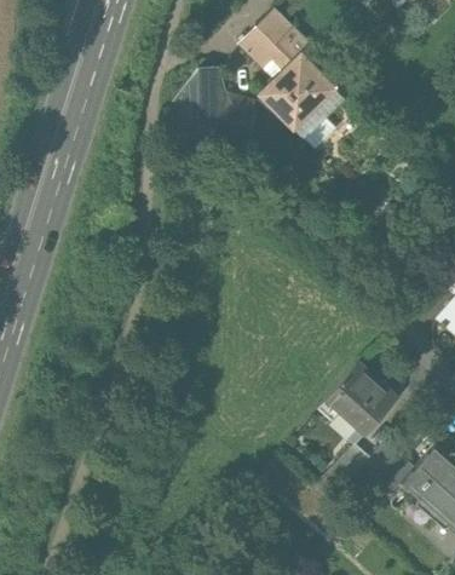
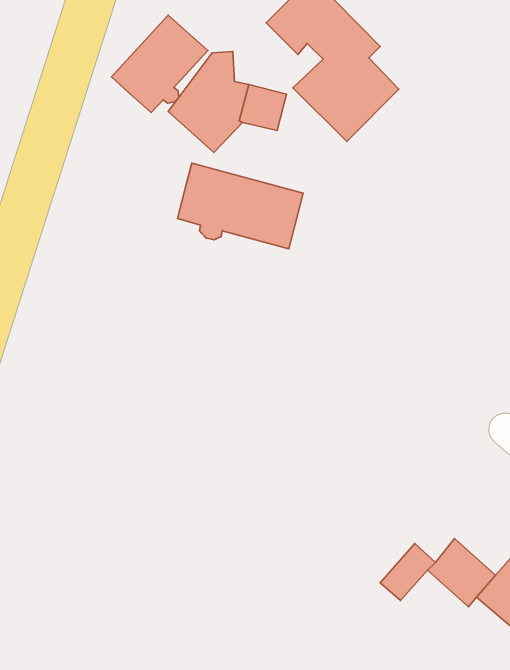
building: none -> [111,15,208,112]
building: none -> [177,163,303,249]
building: [317,363,396,433] -> none

